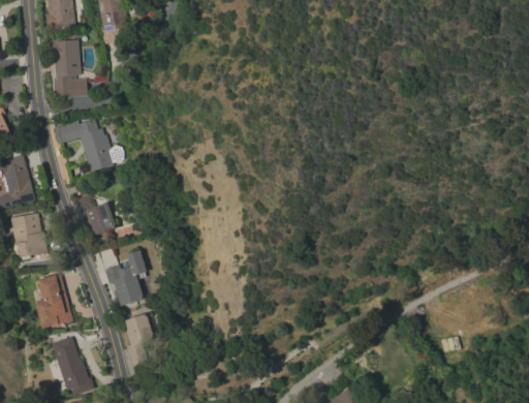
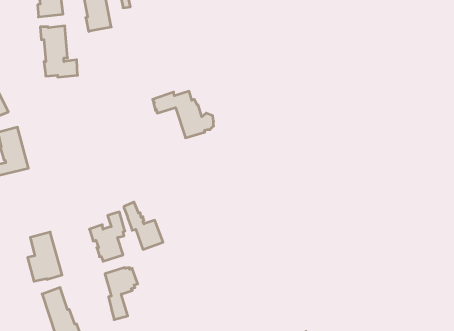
building: [54,119,123,172] -> [153,91,214,138]
building: [72,182,117,236] -> [124,202,163,249]
building: [10,213,48,259] -> none

